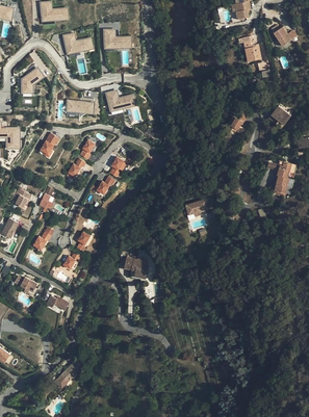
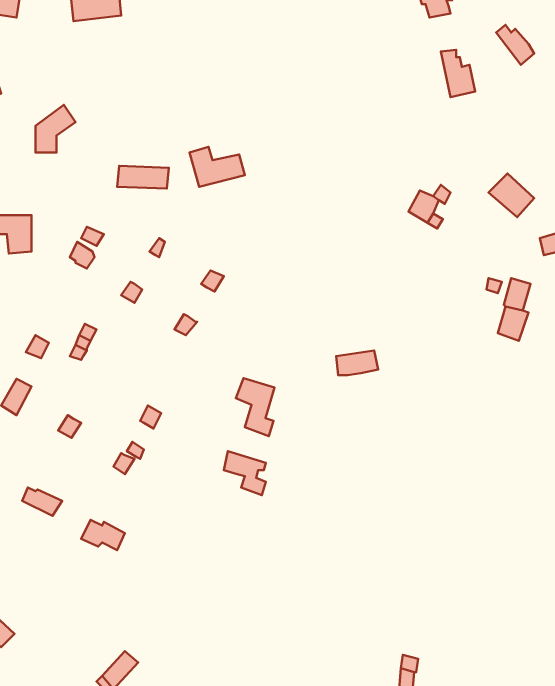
building: [103,29,130,49] -> none
building: [62,33,93,55] -> none
building: none -> [236,378,275,436]

